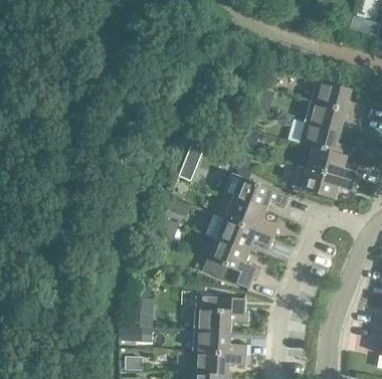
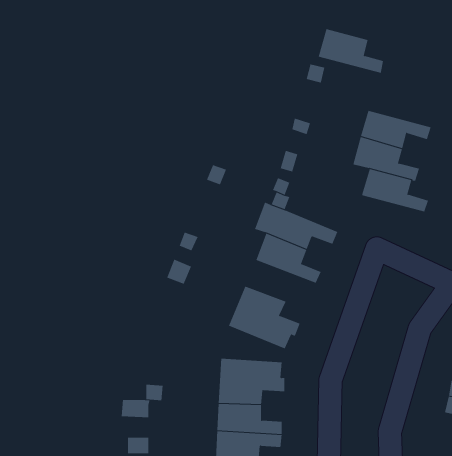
building: [312,79,363,115] -> [318,28,384,74]
building: [292,165,356,198] -> none
building: [216,218,271,250] -> none

